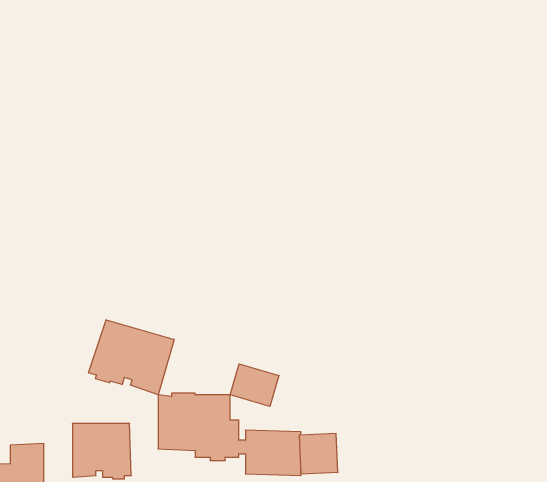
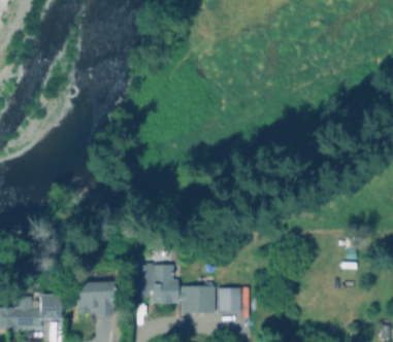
building: [89,320,174,395] -> none
building: [230,364,279,406] -> none

